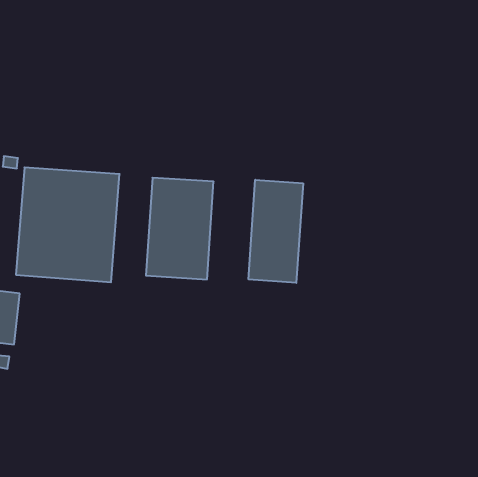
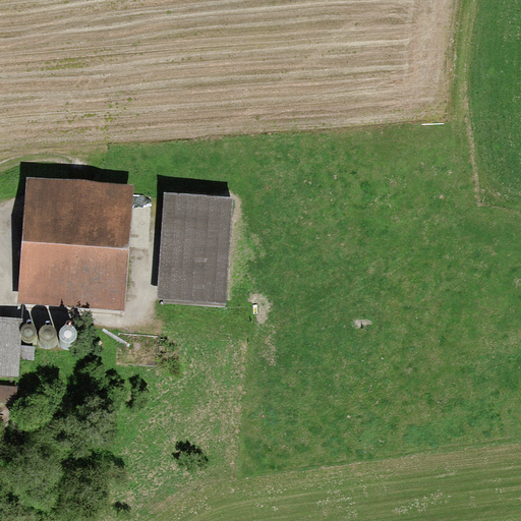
building: [249,180,303,283] -> none

